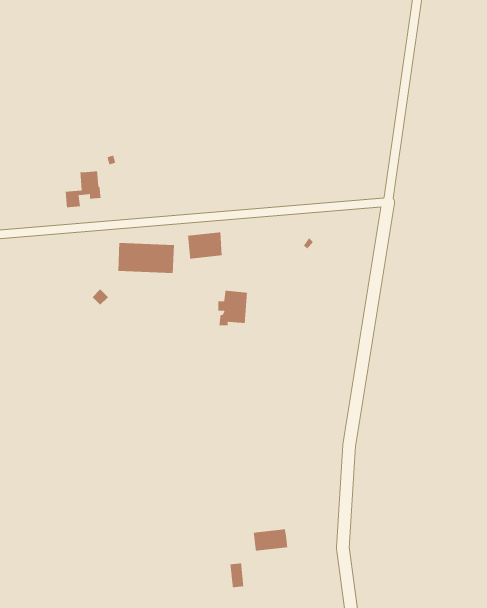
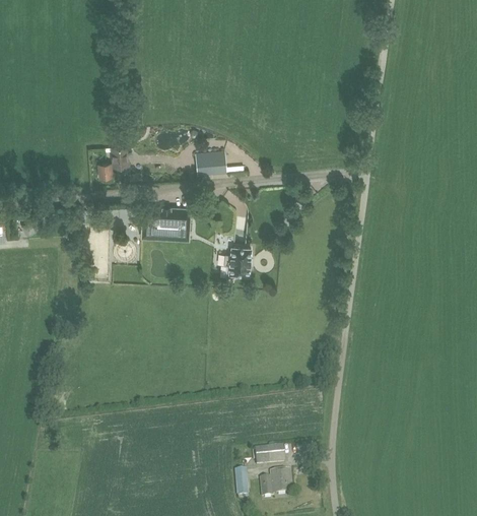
building: [187,231,223,259] -> [196,150,225,174]
building: none -> [260,468,290,495]

